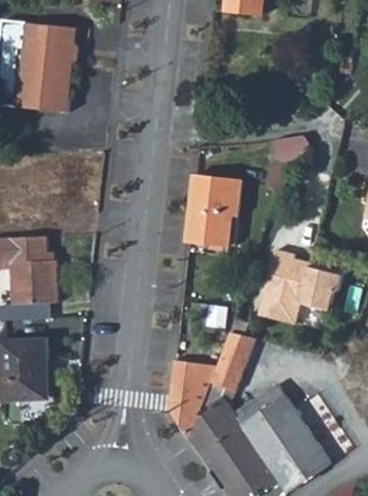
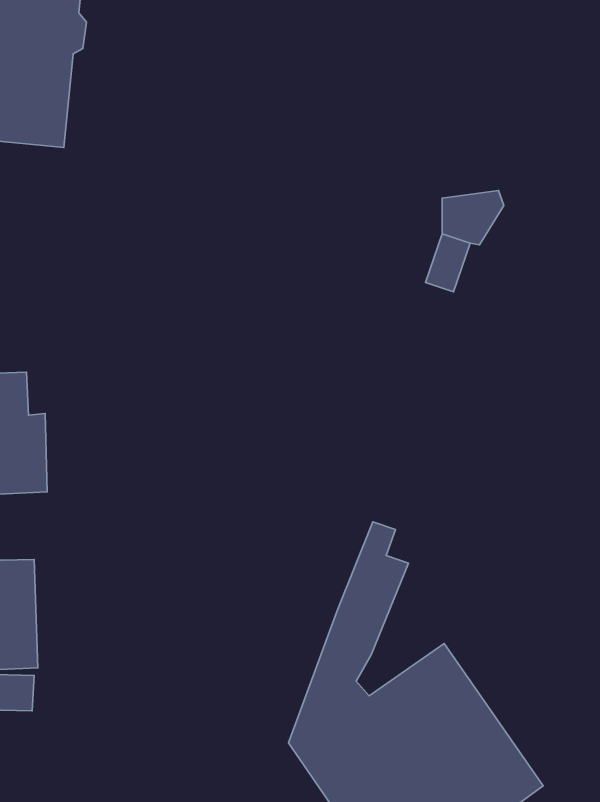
building: [187,177,240,245] -> none
building: [257,249,343,323] -> none
building: [168,361,216,439] -> none

